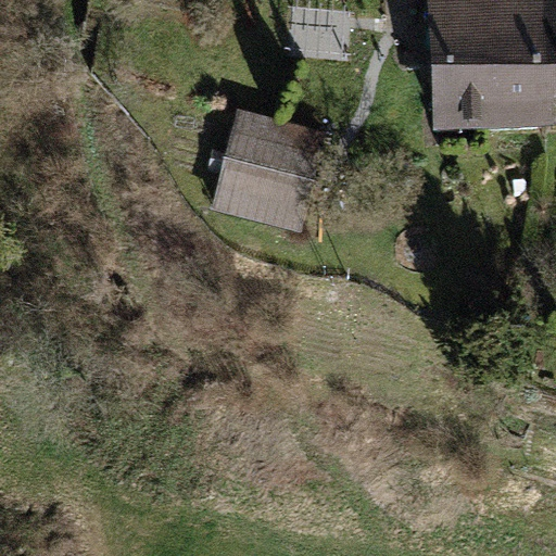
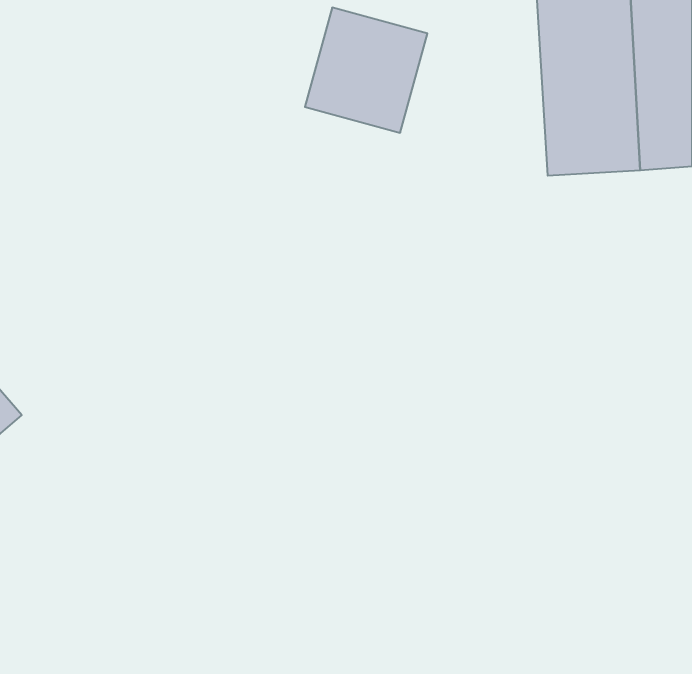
building: [218,112,316,212] -> [305,8,427,133]

